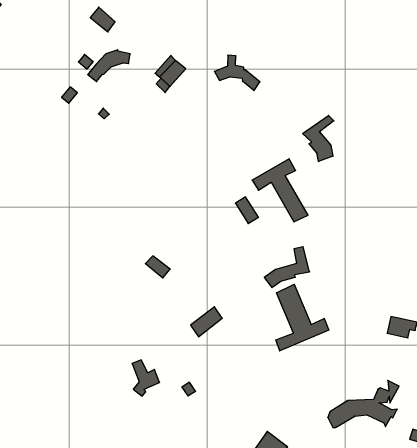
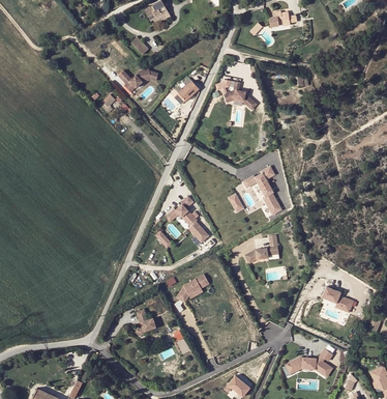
building: [303,115,334,162] -> none
building: none -> [165,196,209,245]
building: [276,284,329,351] -> none

